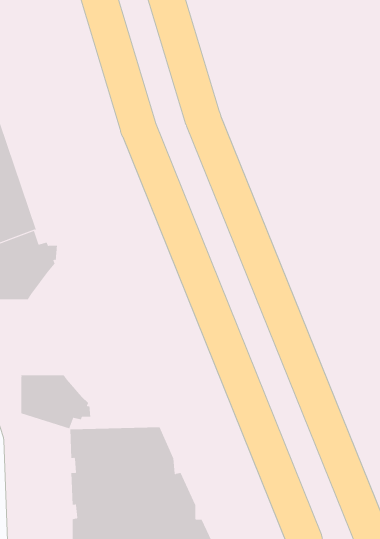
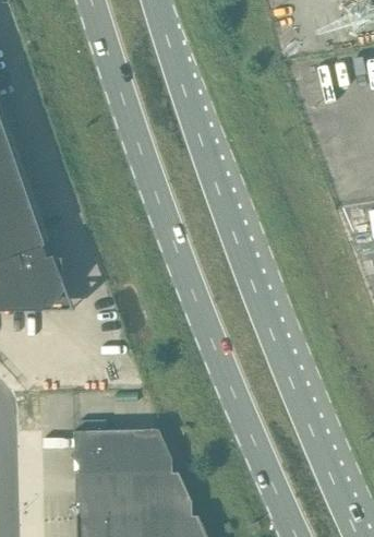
building: [21,374,91,429] -> none

